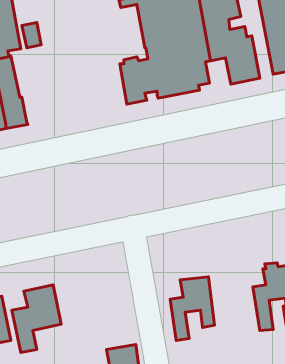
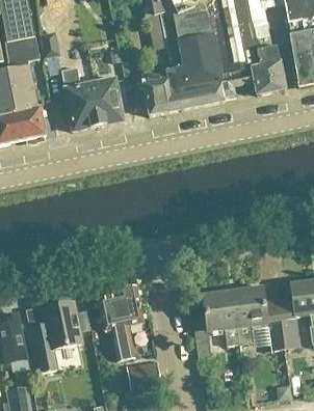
building: none -> [61,66,123,130]
building: none -> [233,284,286,350]
building: none -> [99,286,145,360]

